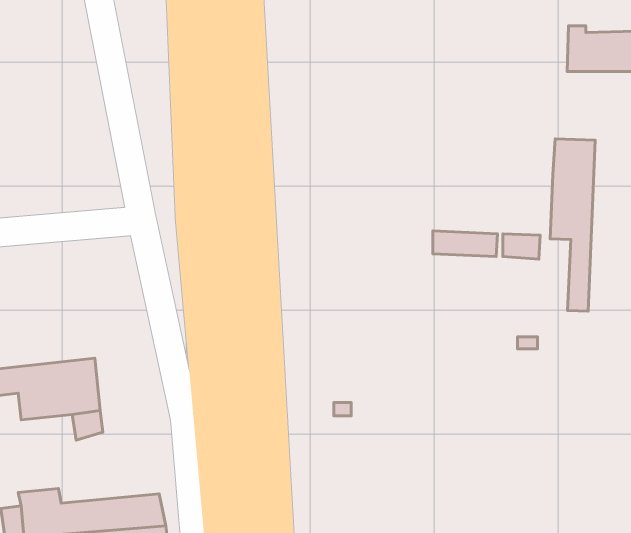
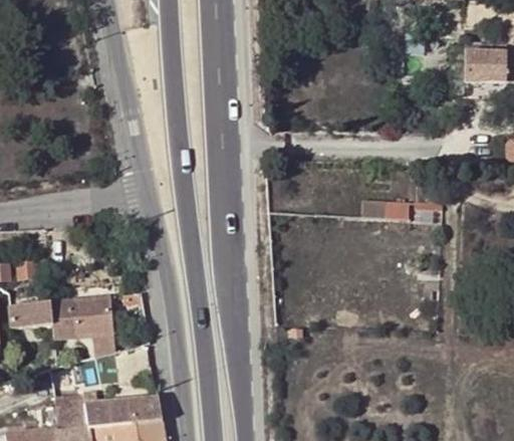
building: [550,139,595,311] -> none

